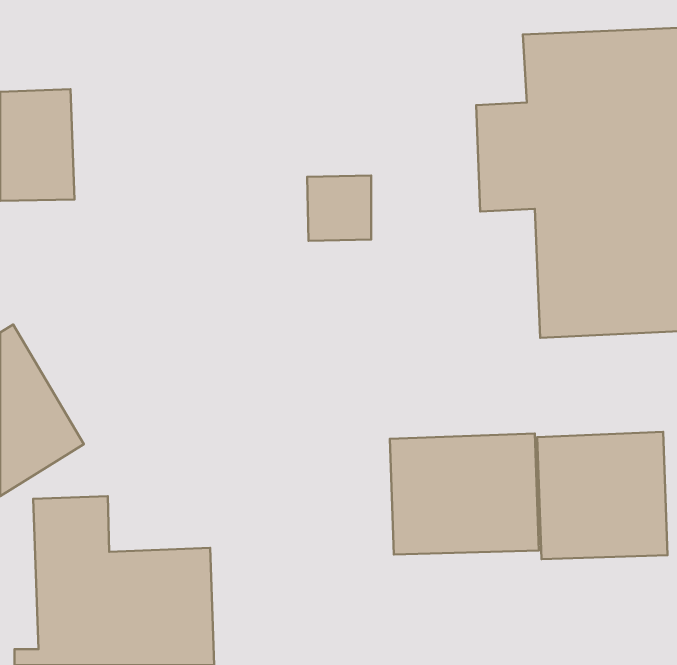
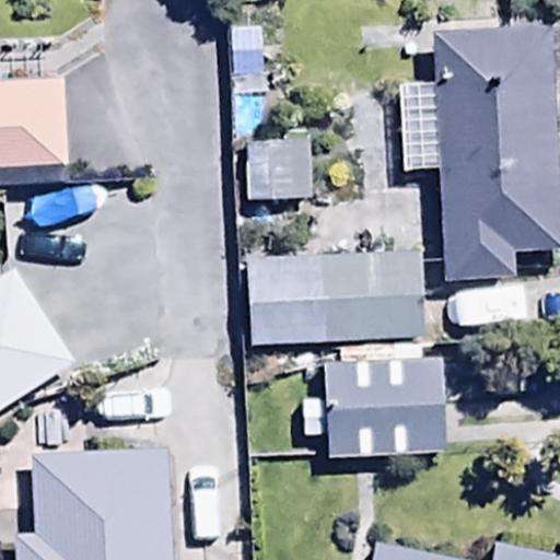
building: none -> [248,255,423,345]
building: [537,432,667,559] -> none

